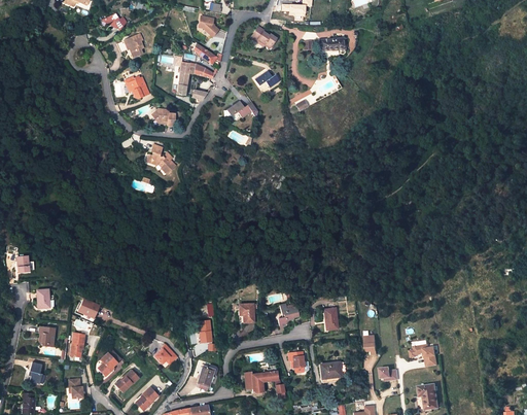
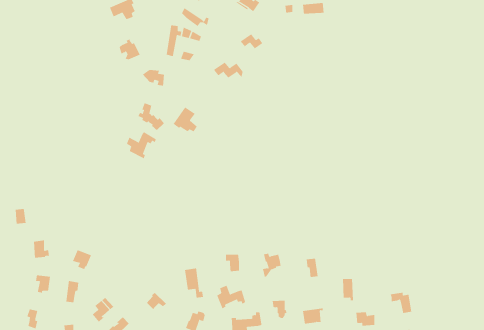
building: none -> [173,107,198,132]
building: none -> [126,131,156,159]
building: none -> [216,285,246,309]

